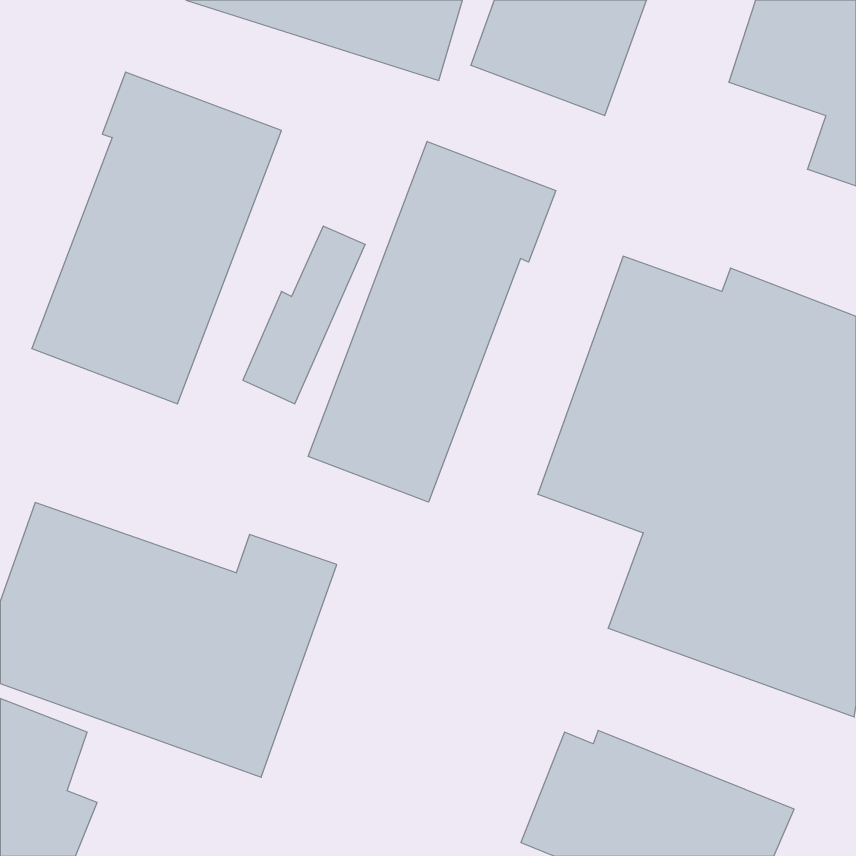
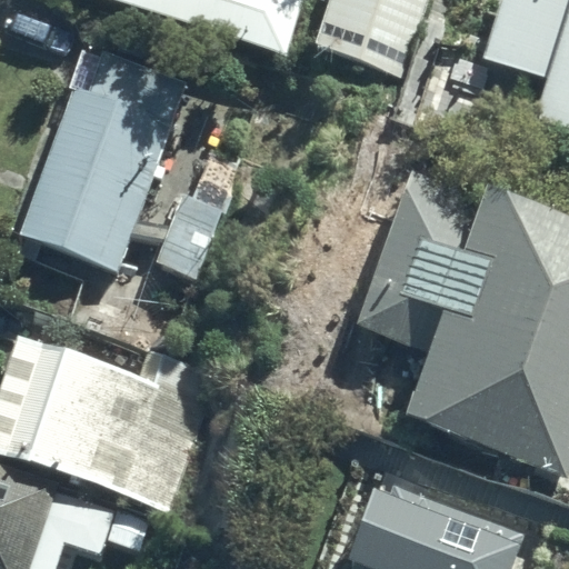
building: [308,141,556,502] -> none

